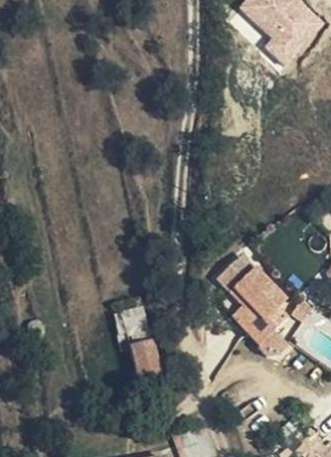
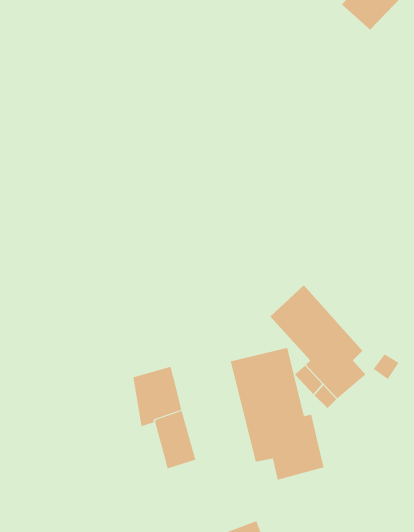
building: none -> [230,347,324,480]

